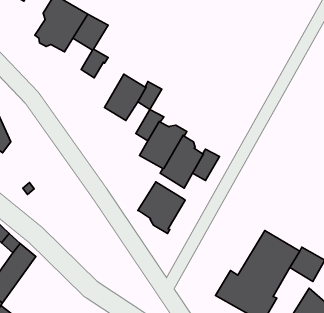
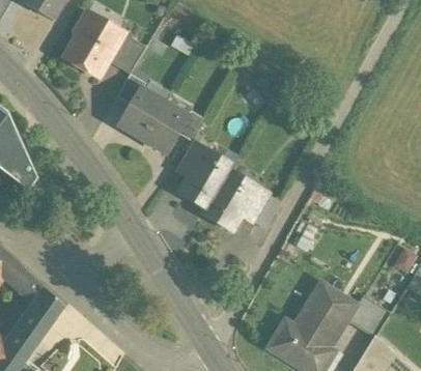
building: none -> [118,88,163,139]
building: [138,182,185,234] -> none

